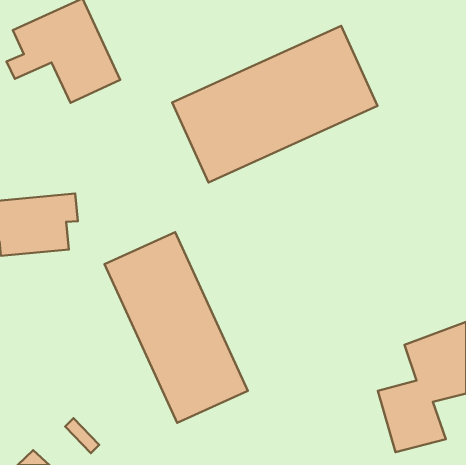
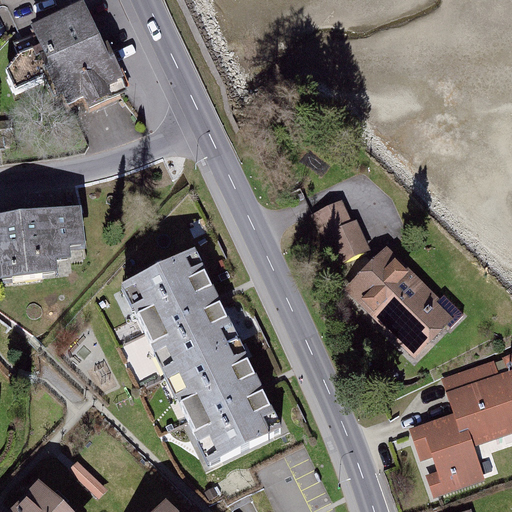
building: [172,26,378,182] -> none
building: none -> [310,196,369,264]
building: none -> [347,247,459,358]

